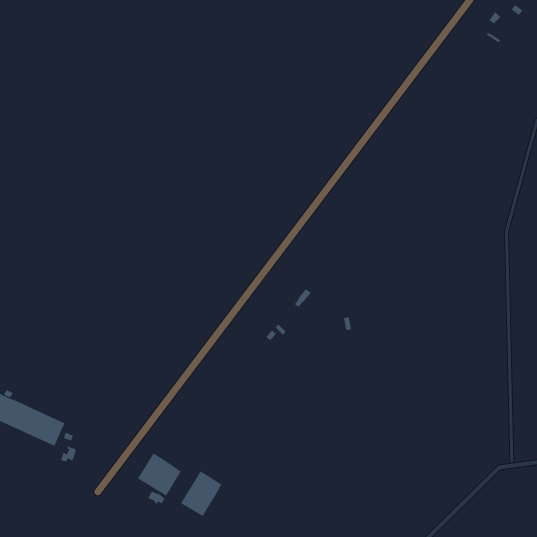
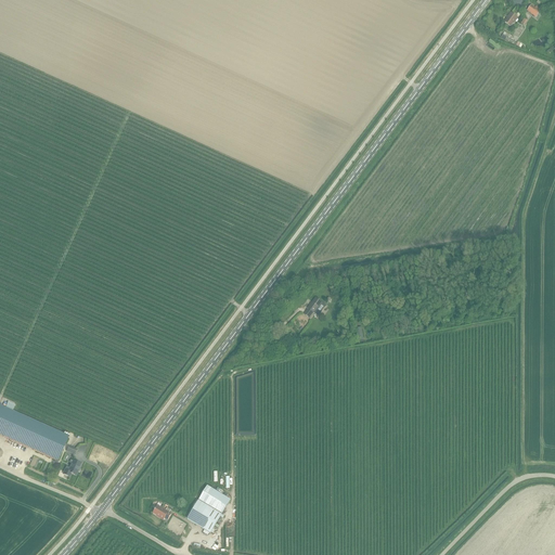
building: [137,453,182,497] -> none

